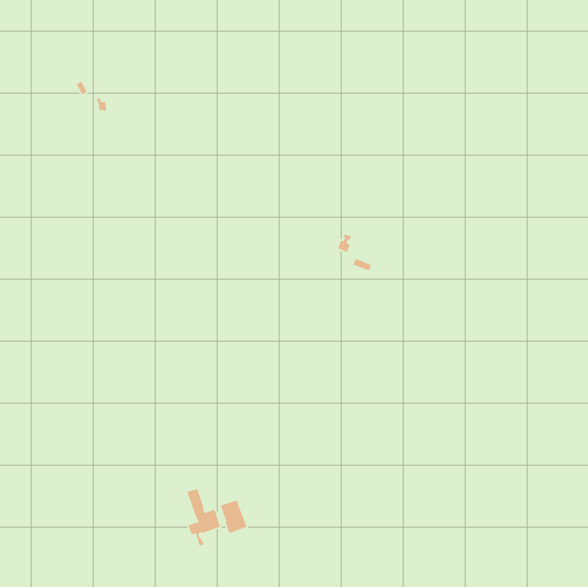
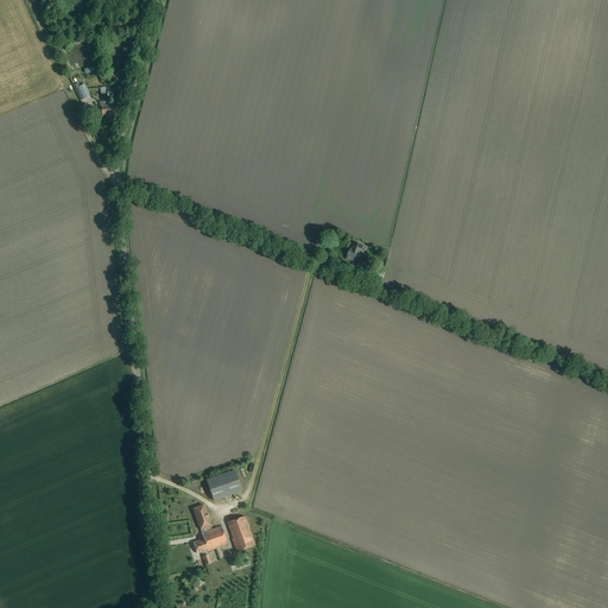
building: none -> [205,469,242,500]

